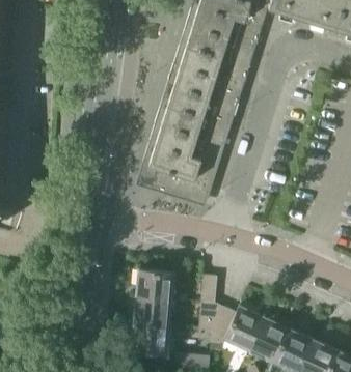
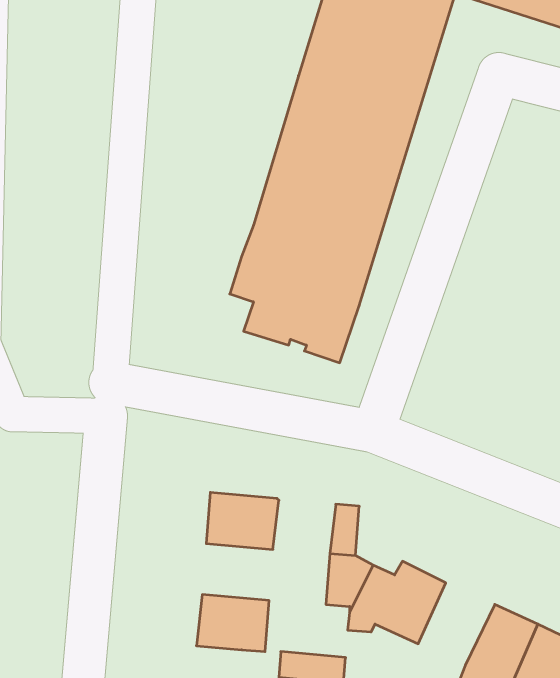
building: [132,298,169,328] -> none
building: [246,319,287,363] -> none

